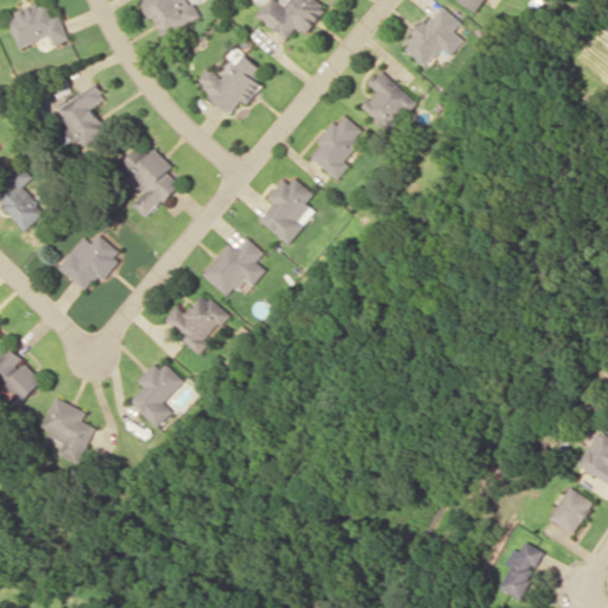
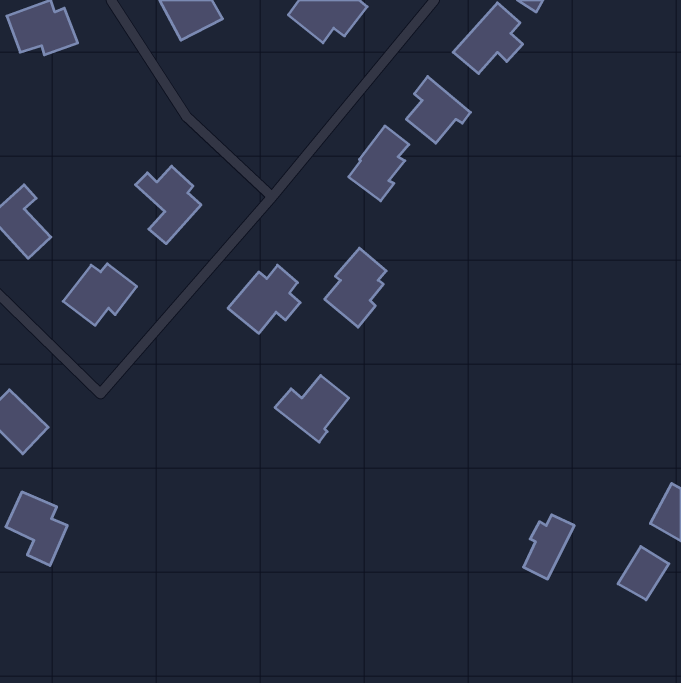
building: [195,48,264,113] -> none
building: [57,82,104,144] -> none
building: [259,173,314,243] -> [325,248,386,327]
building: [162,293,227,353] -> [275,375,349,442]
building: [128,359,184,428] -> none
building: [39,397,94,462] -> [6,492,67,566]
building: [498,542,543,598] -> [523,515,574,579]

